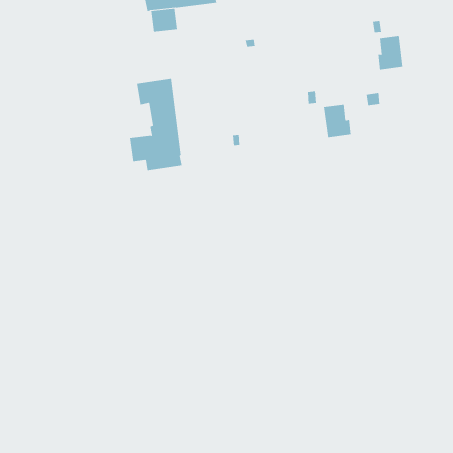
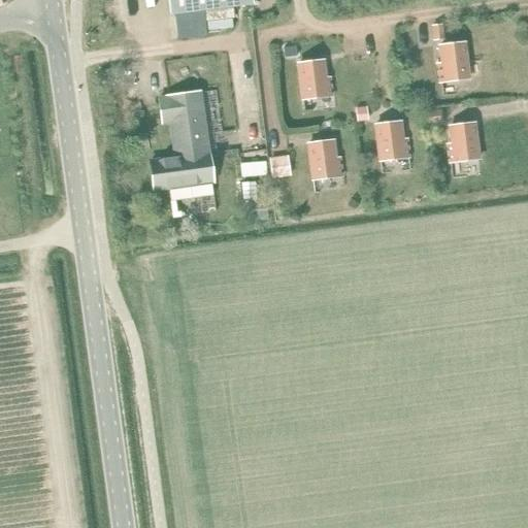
building: none -> [300,60,332,98]
building: none -> [449,122,480,162]
building: none -> [309,139,342,178]

